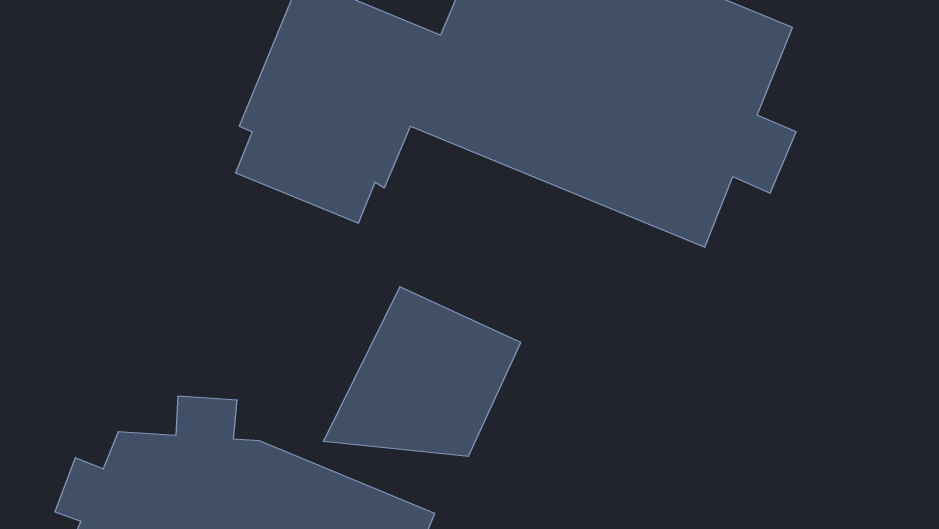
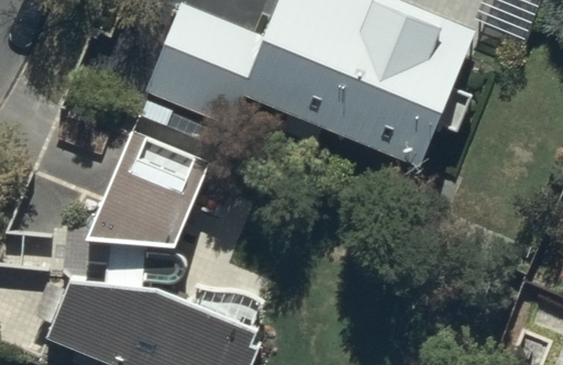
building: [323,287,521,456] -> [90,131,207,231]

